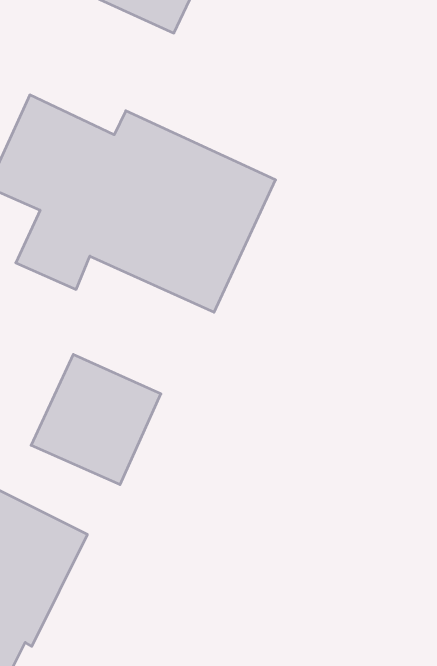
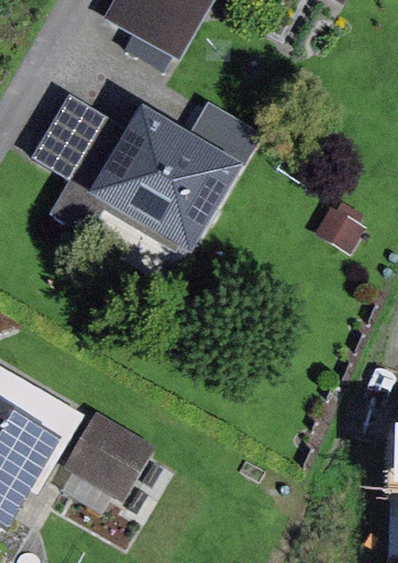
building: [31,354,161,485] -> [63,405,159,501]

